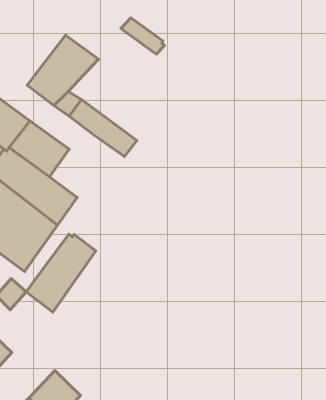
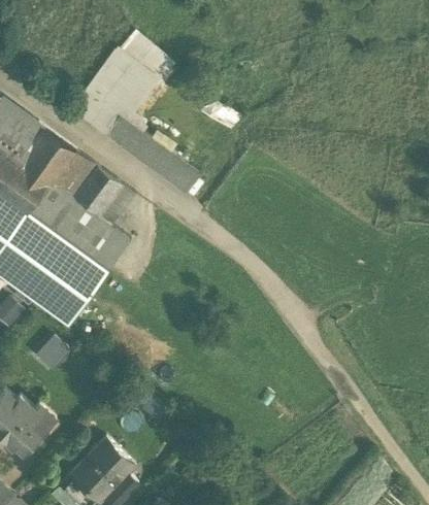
building: [121,18,165,54] -> [117,40,167,82]
building: [26,234,96,312] -> none

